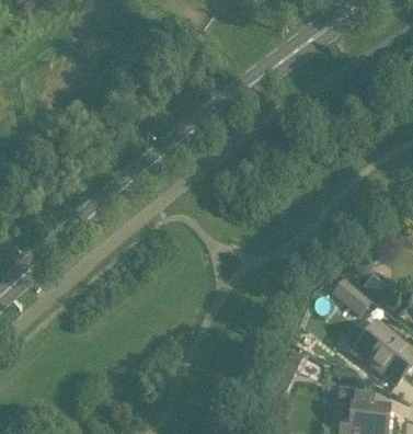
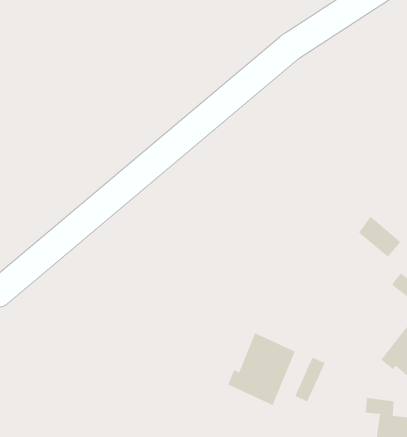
building: [332,277,371,316] -> [358,216,401,257]
building: none -> [227,333,296,406]

